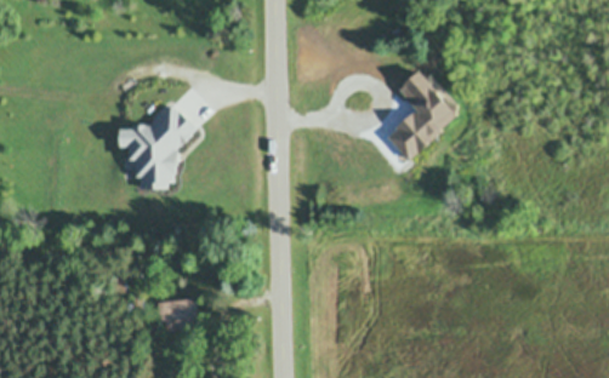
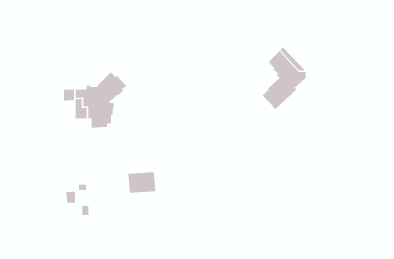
building: [156,298,198,330] -> [128,172,156,193]

